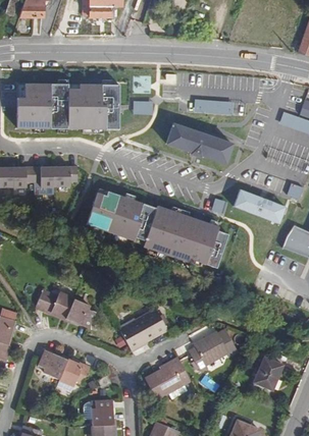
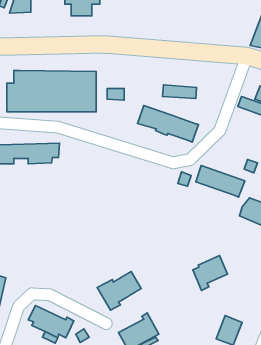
building: [83,184,228,270] -> none
building: [40,290,100,330] -> none
building: [194,329,234,369] -> [193,255,228,290]

